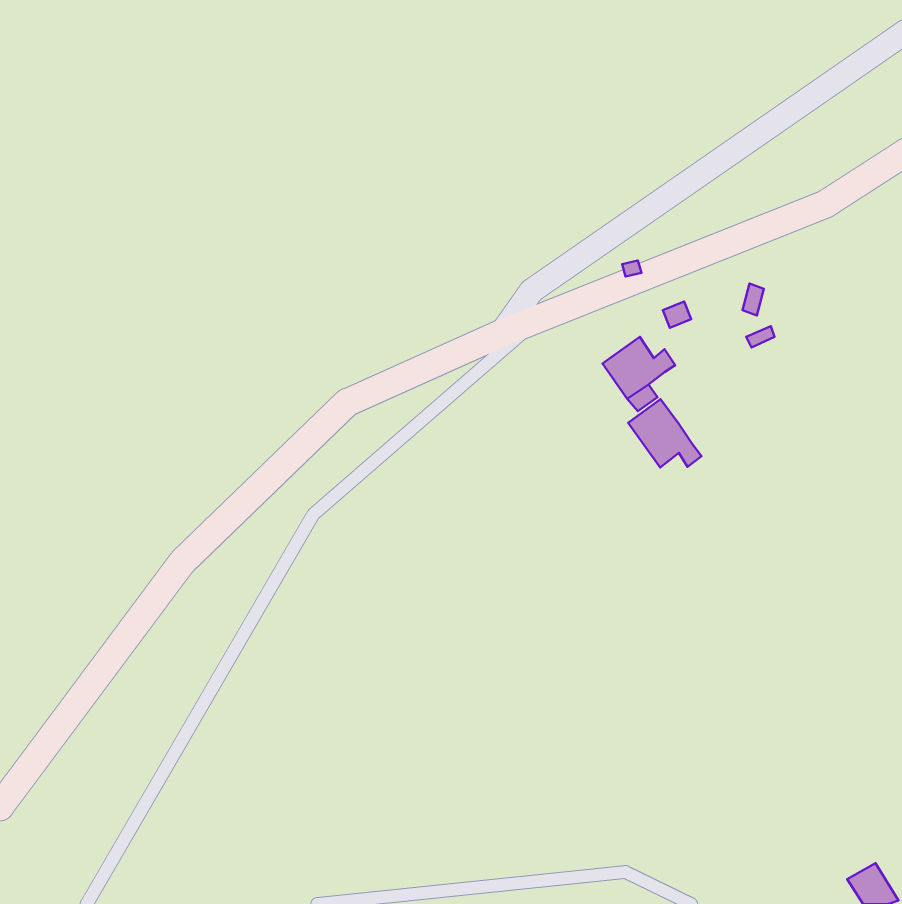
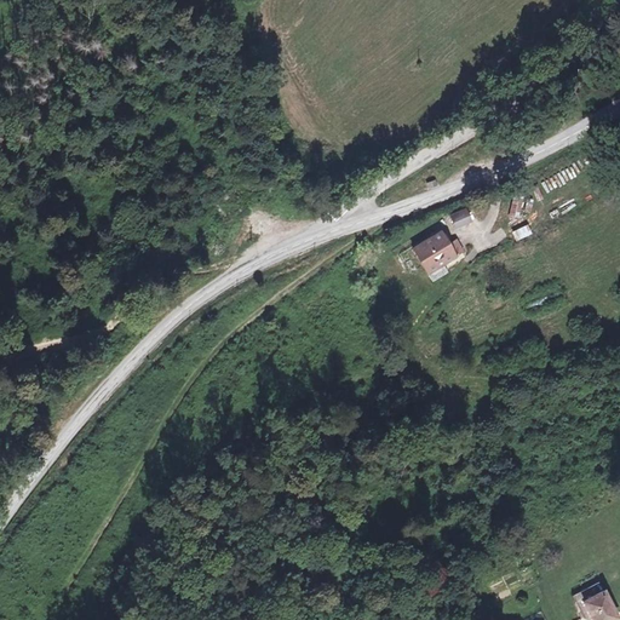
building: [628,399,701,467] -> none

